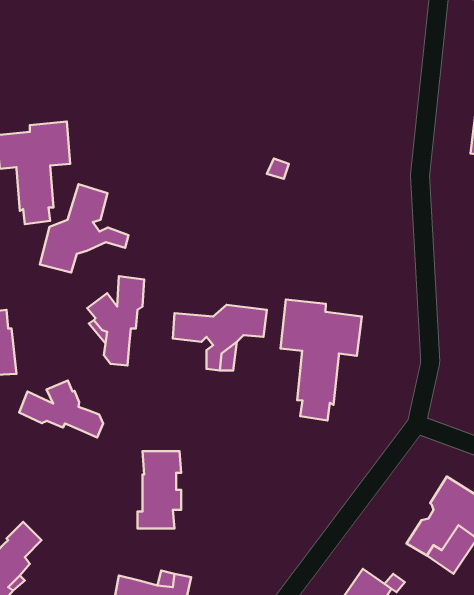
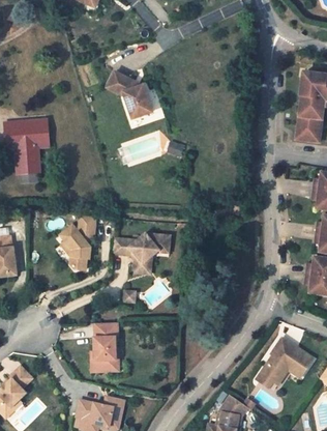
building: none -> [107,70,149,118]
building: [40,184,129,272] -> none
building: [280,299,362,421] -> none
building: [19,381,103,437] -> none

